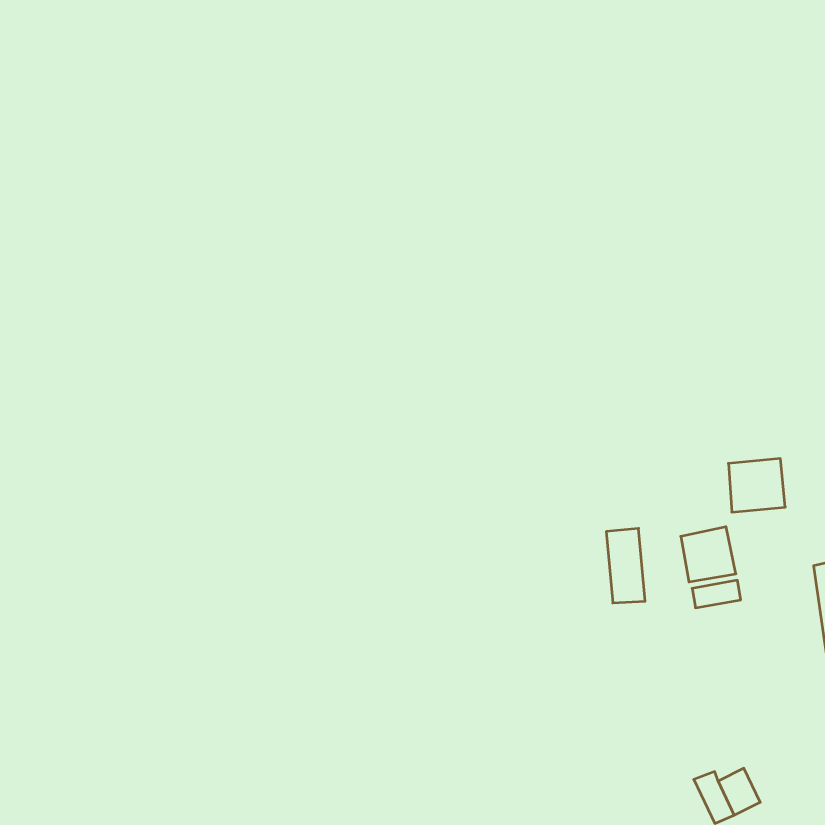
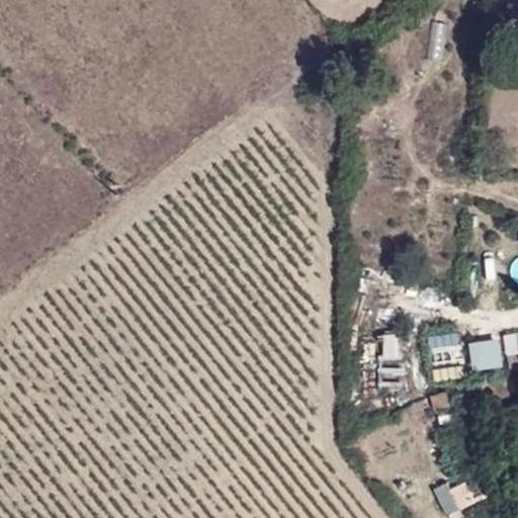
building: [728,459,785,512] -> [469,338,505,371]

